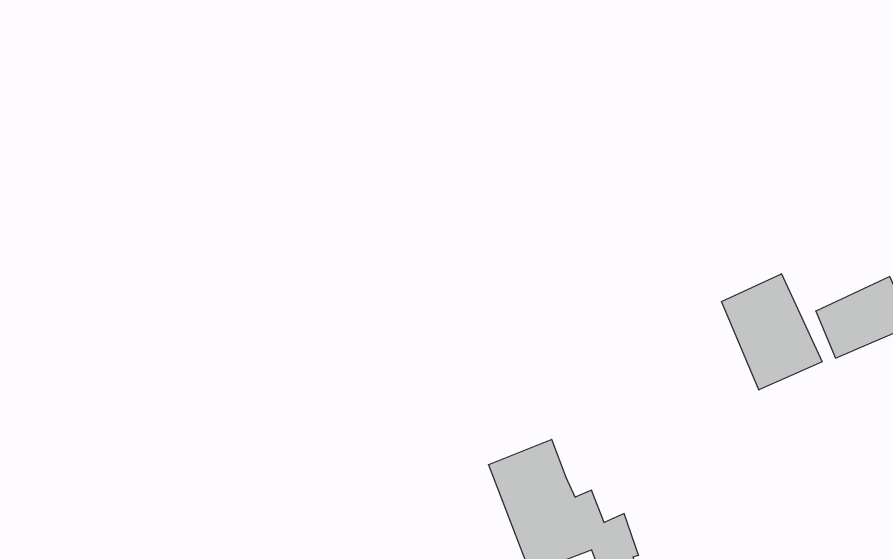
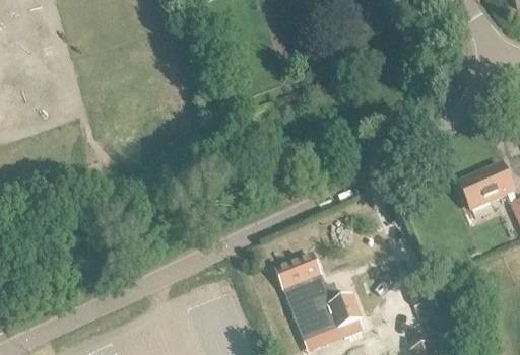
building: [721,274,822,390] -> none

